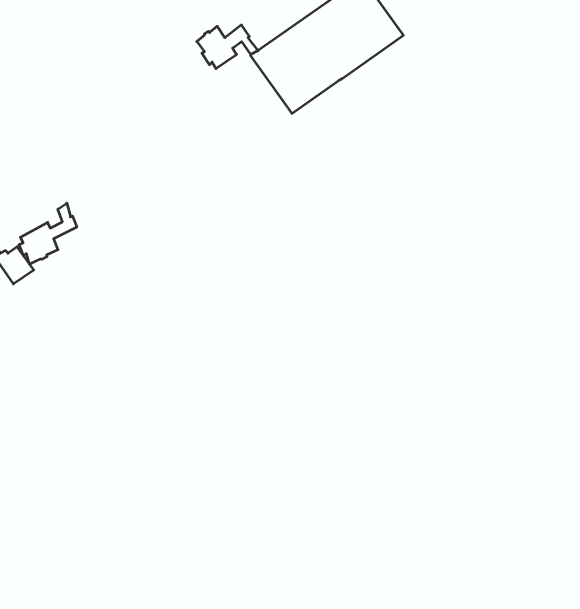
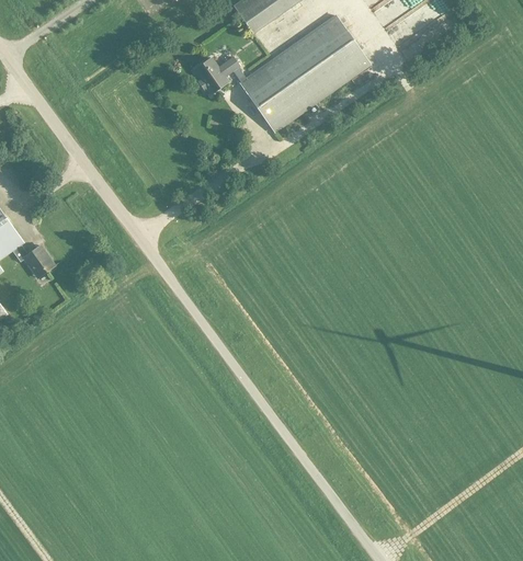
building: [19,203,77,264] -> none

